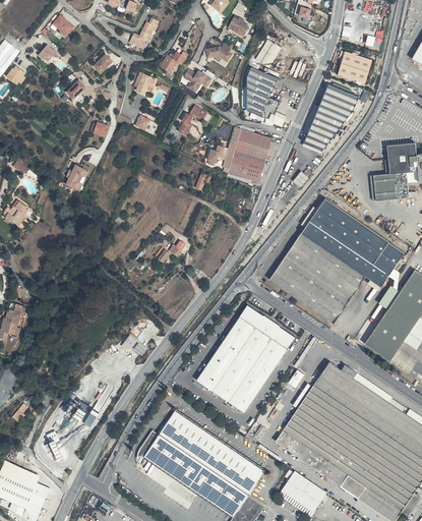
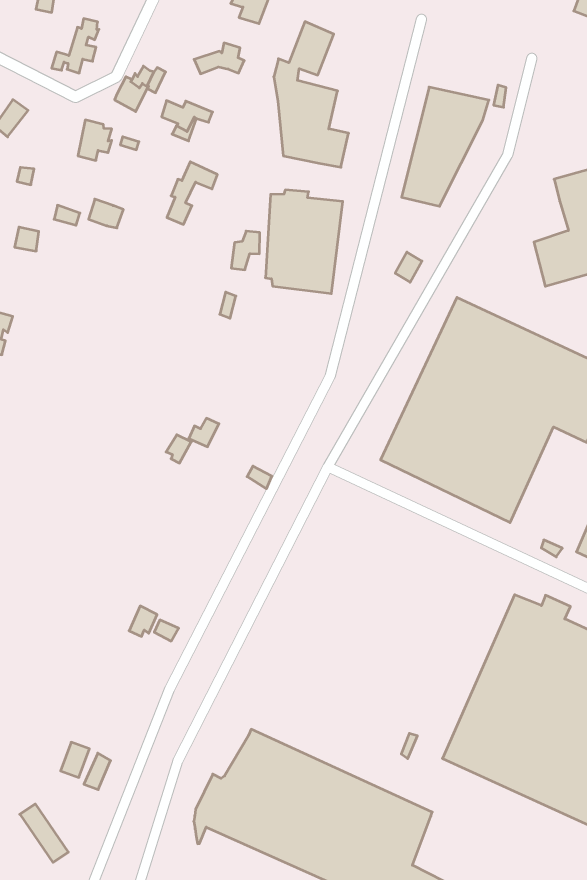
building: [338,52,371,84] -> none
building: [197,305,296,413] -> none
building: [281,471,325,511] -> none

